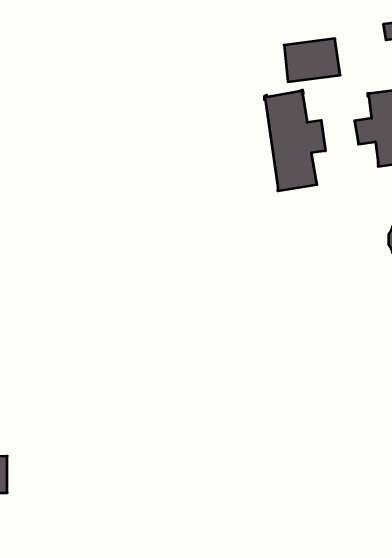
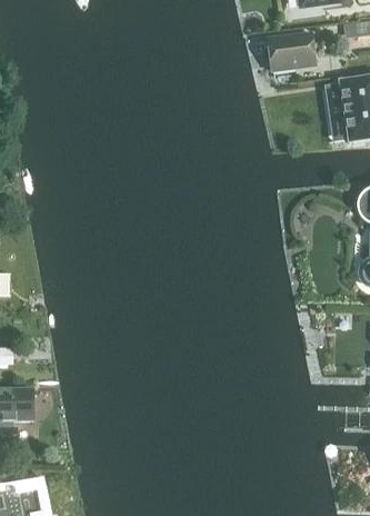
building: [264,90,325,191] -> none

